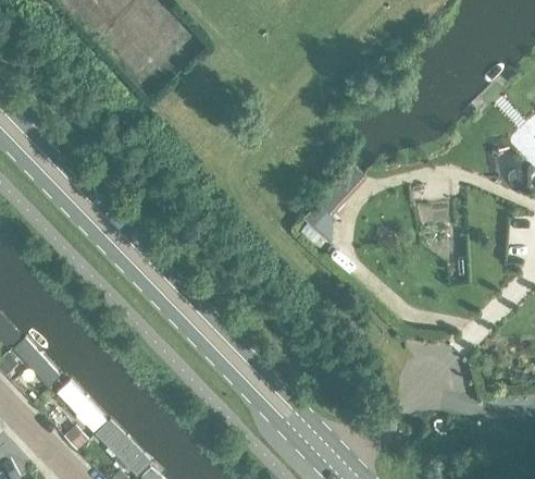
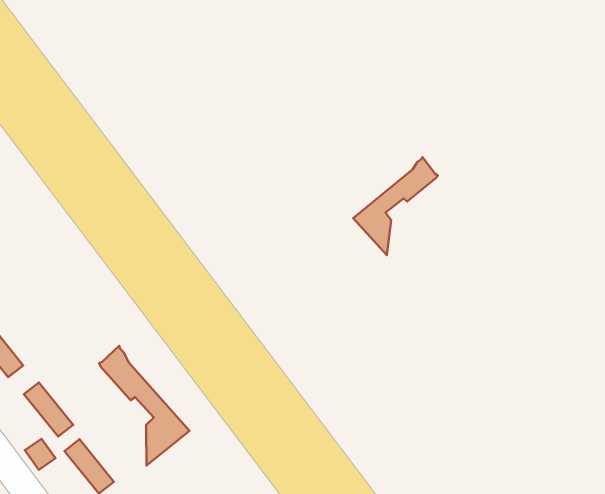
building: none -> [99,346,190,466]

